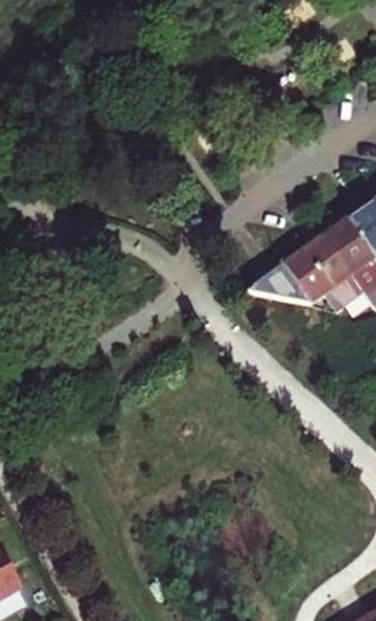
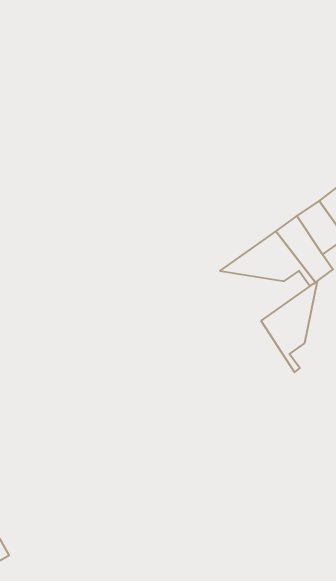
building: none -> [261,281,317,372]

